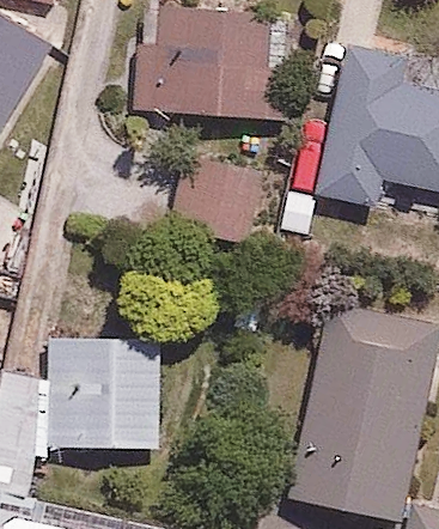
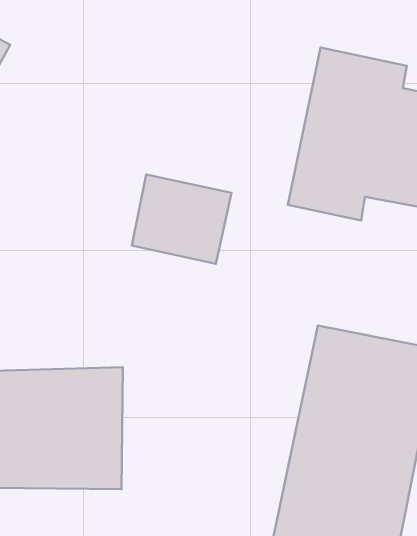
building: [134,12,283,120] -> none

